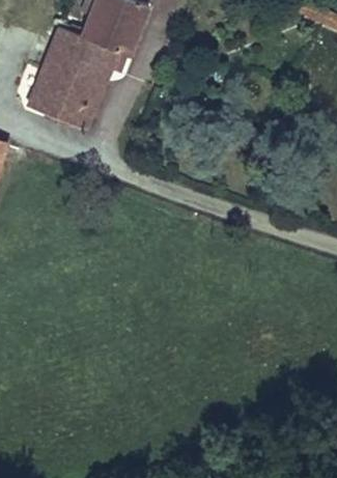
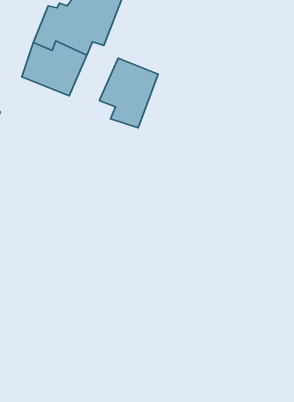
building: none -> [99,58,158,128]

